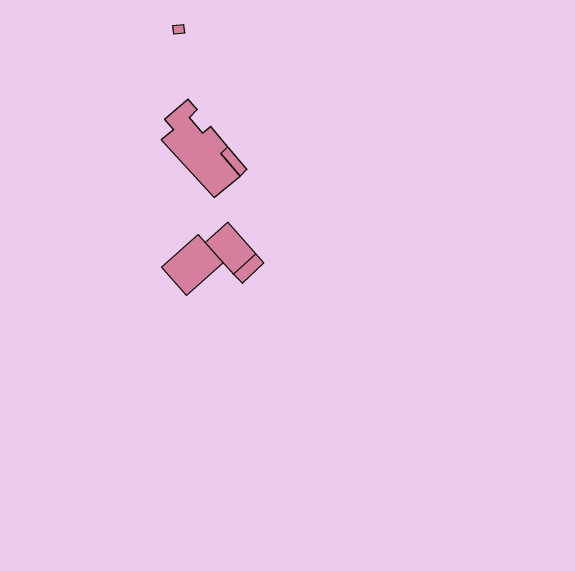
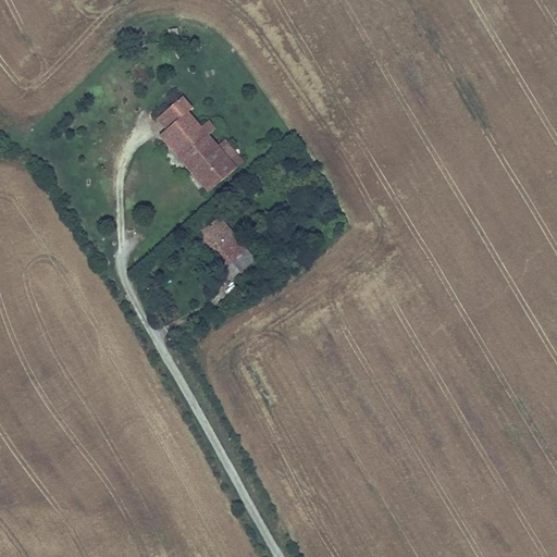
building: [162,235,223,295] -> none

